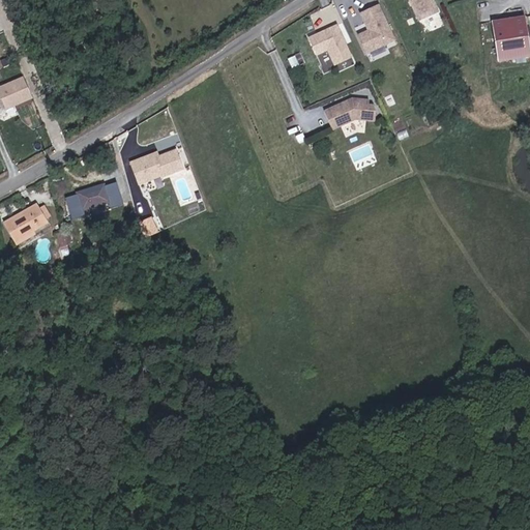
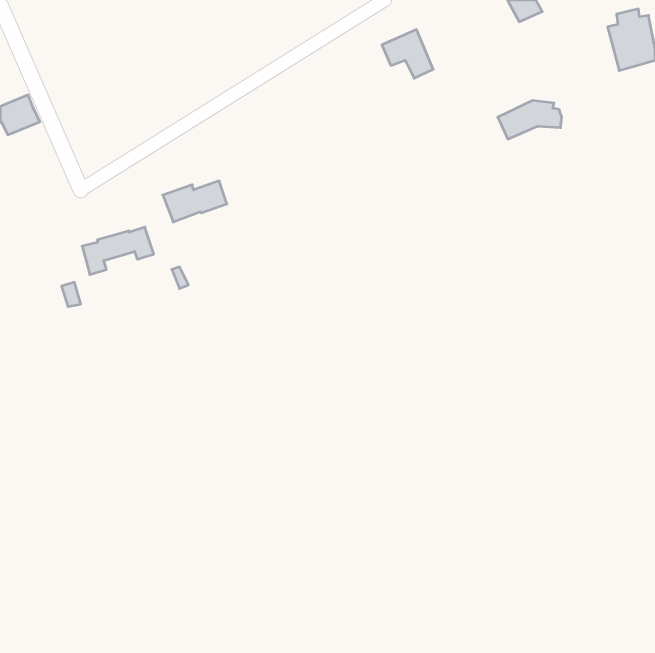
building: [360,6,395,54] -> none
building: [326,94,378,125] -> [498,101,562,139]
building: [4,208,48,244] -> none

